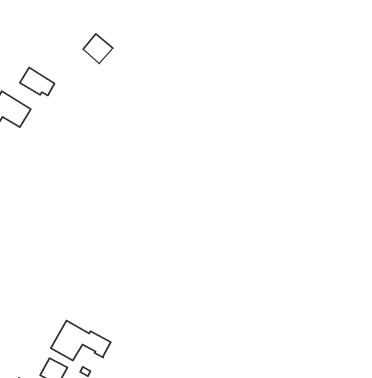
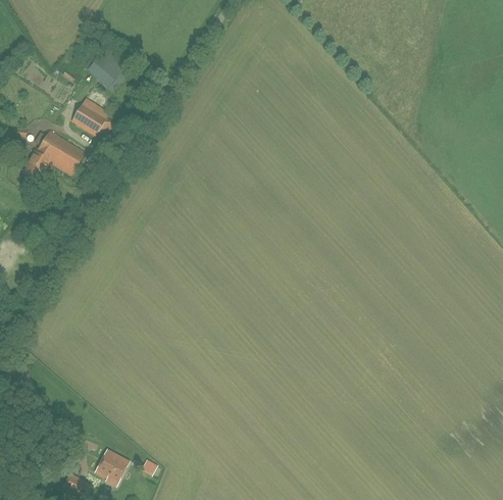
building: [83,34,113,64] -> [88,51,123,87]
building: [51,320,111,360] -> none

